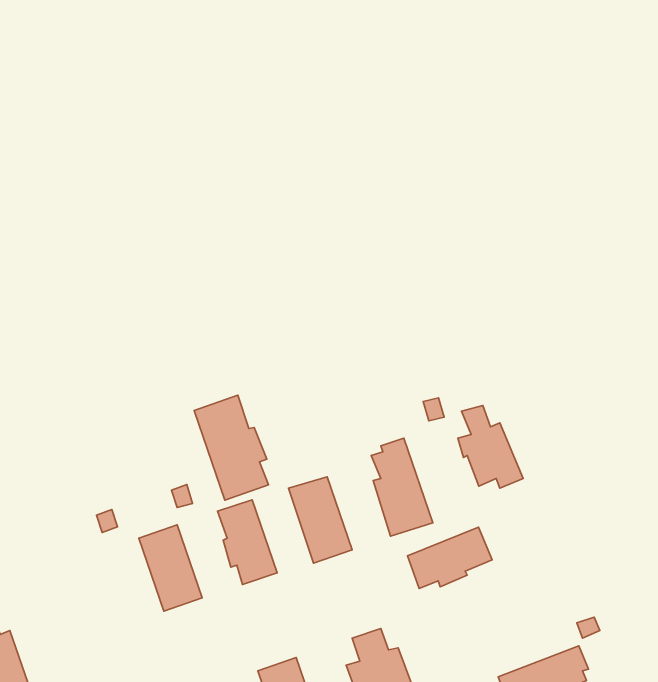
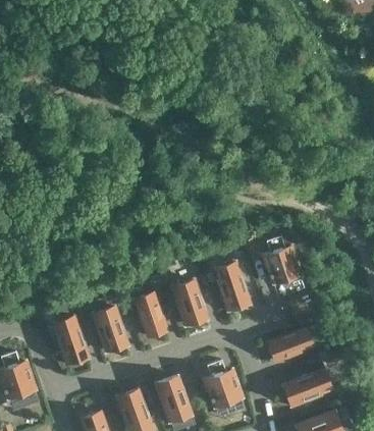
building: [194,395,268,500] -> none
building: [407,527,492,589] -> [269,328,314,361]
building: none -> [56,313,88,365]

